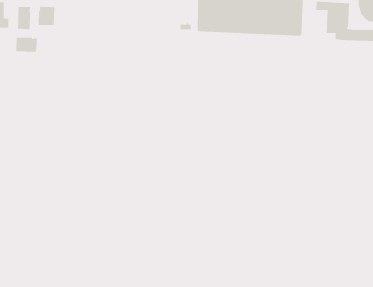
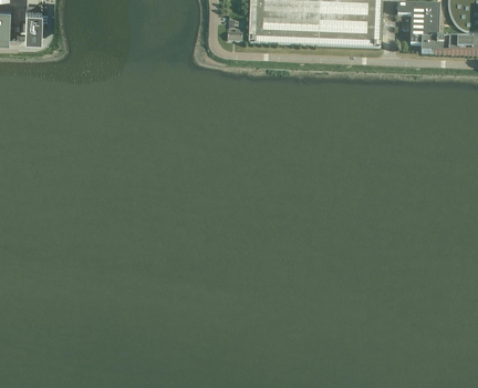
building: [38,6,55,26] -> none
building: [16,37,38,53] -> none

